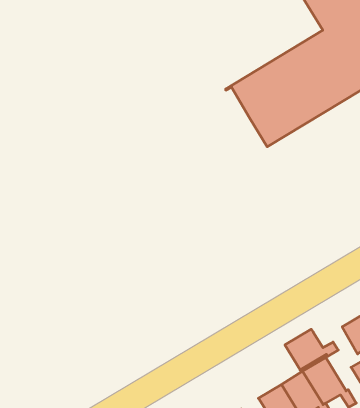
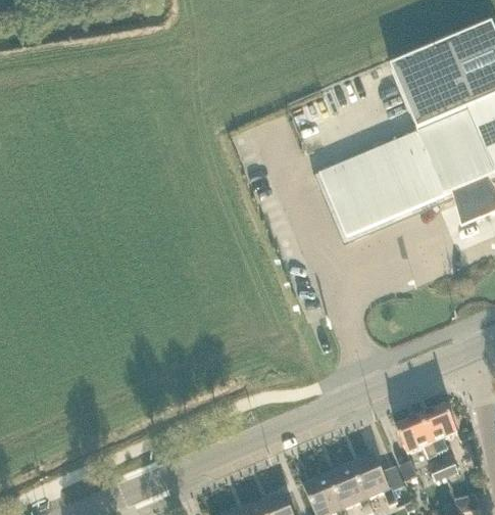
building: [285,329,338,370] -> none

